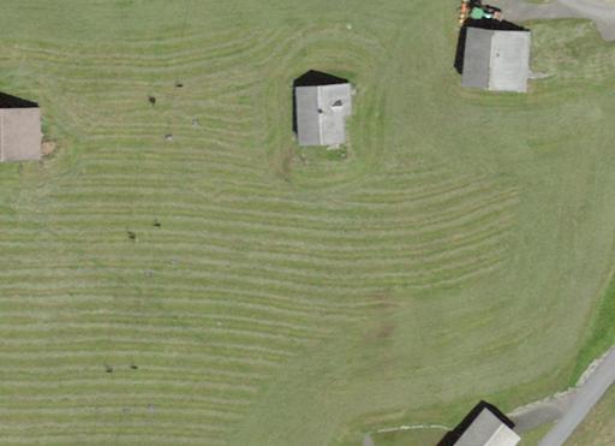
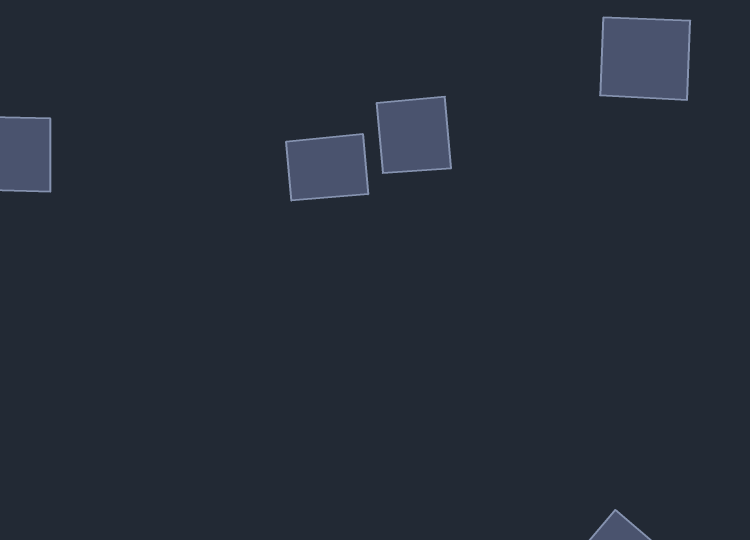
building: none -> [286,134,368,201]

